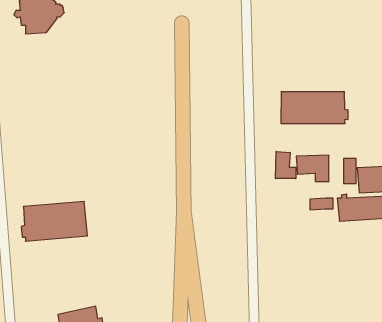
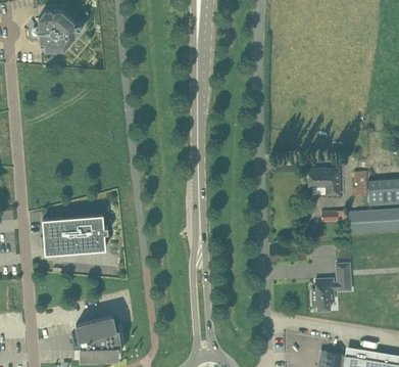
building: [281,91,348,124] -> none
building: [275,151,296,179] -> none
building: none -> [311,264,351,310]

